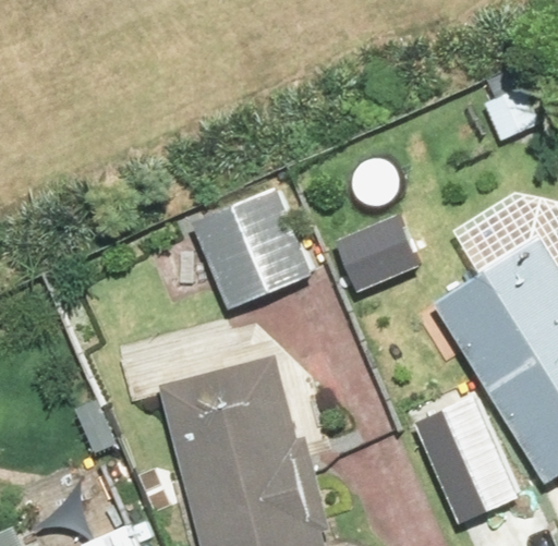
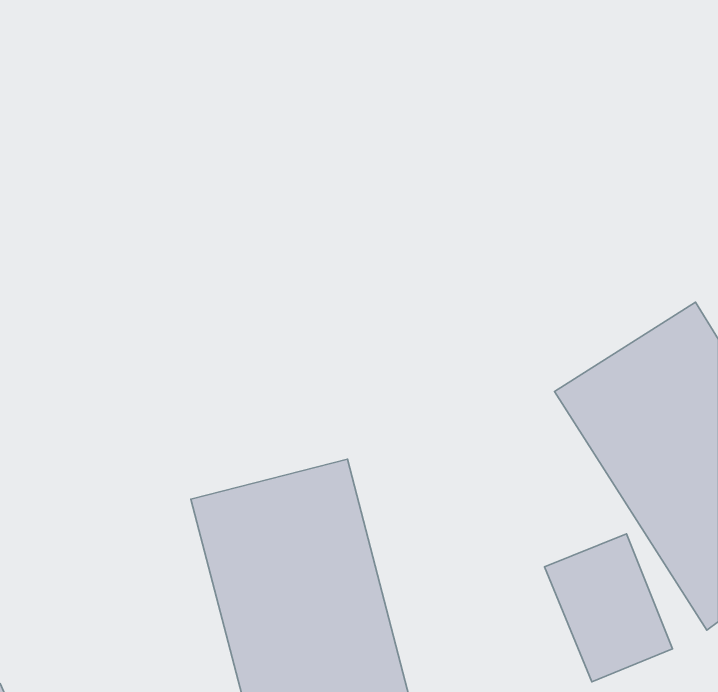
building: [191,186,314,311] -> none

